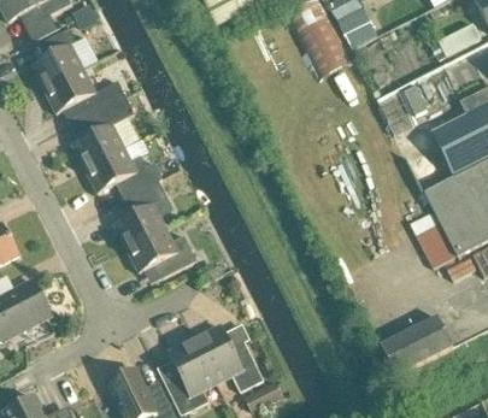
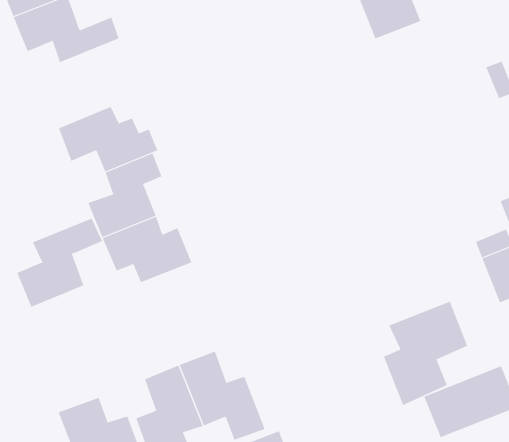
building: [72,95,135,167] -> [17,218,103,308]
building: none -> [383,301,468,406]

